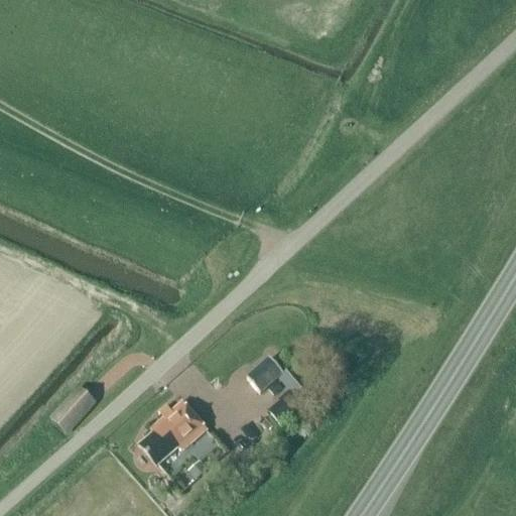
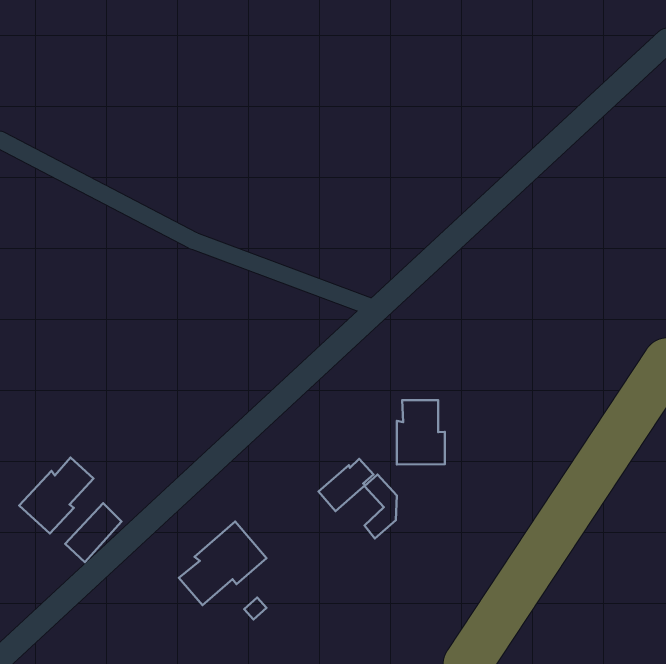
building: none -> [397,400,445,464]
building: none -> [19,457,94,534]

